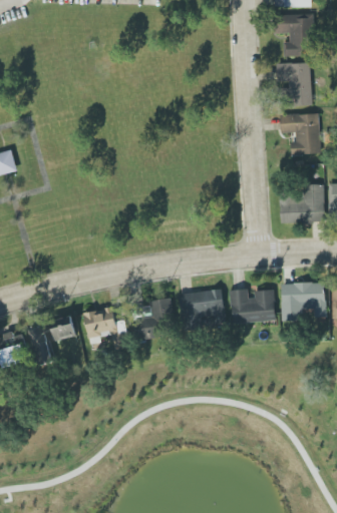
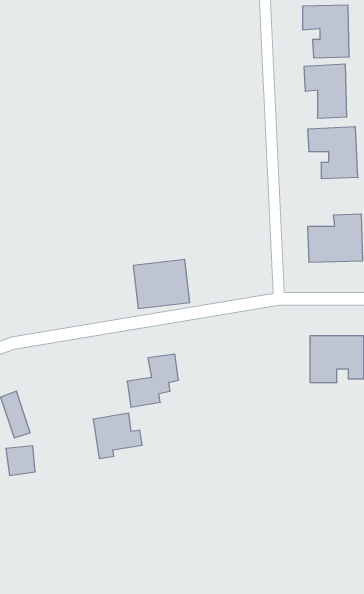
building: [180,289,226,329] -> [133,259,190,309]
building: [230,289,275,323] -> none
building: [83,307,123,344] -> [93,413,142,459]
building: [50,316,74,340] -> [6,446,35,475]

